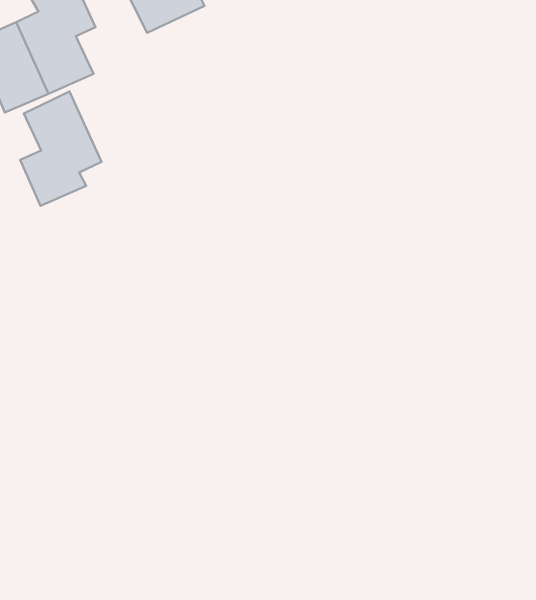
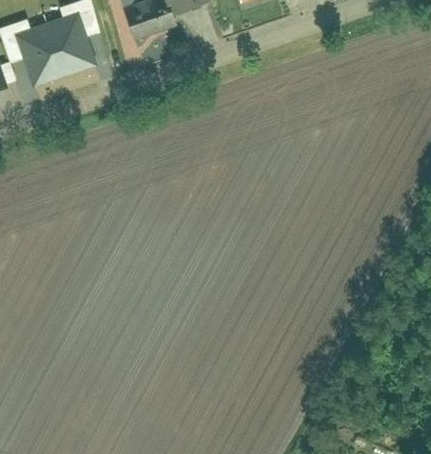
building: [20,91,102,206] -> none

